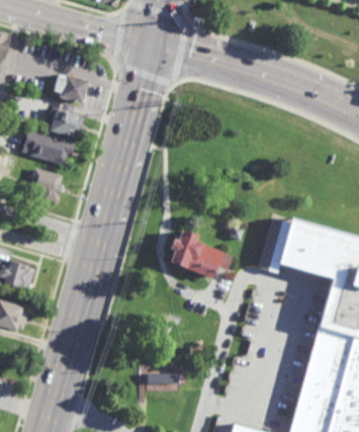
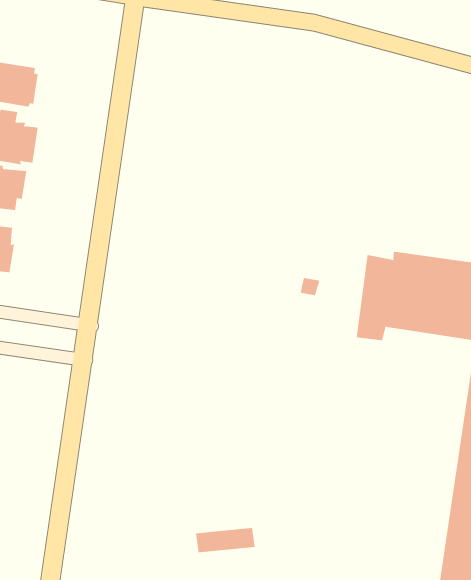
building: [168,230,232,278] -> none

